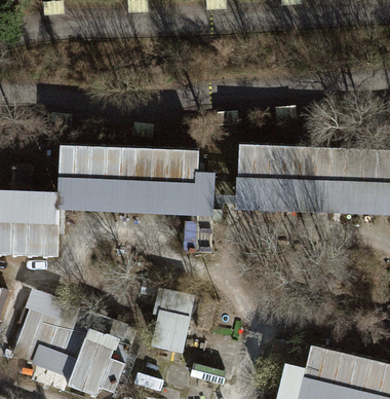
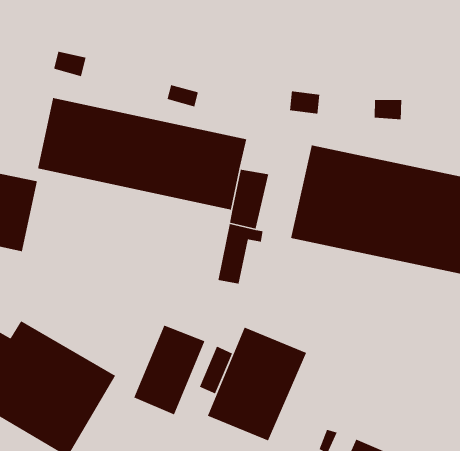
building: none -> [207,326,307,442]

